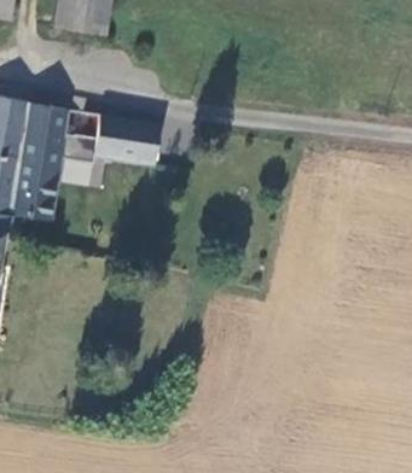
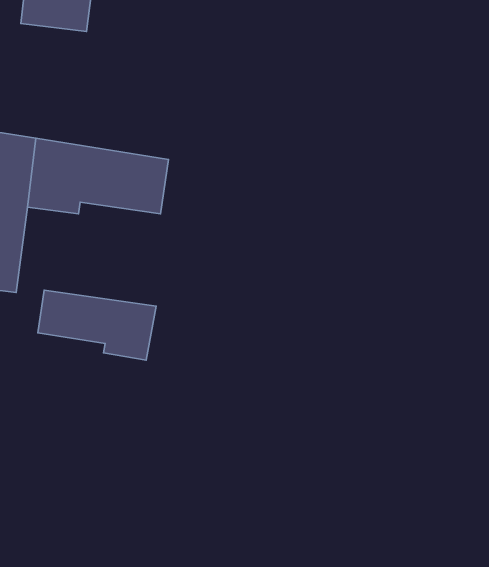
building: none -> [38,290,156,360]

